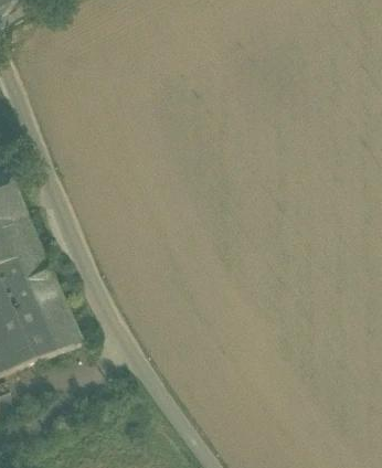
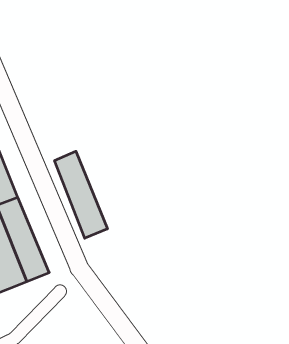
building: none -> [55,151,107,238]

